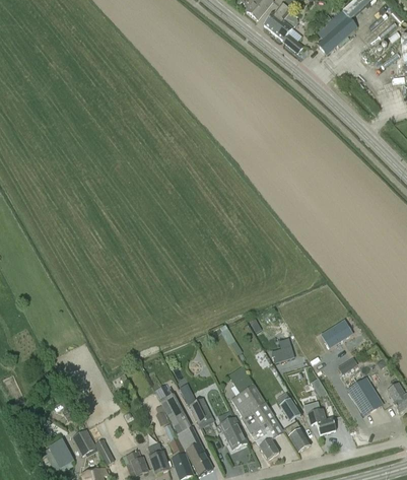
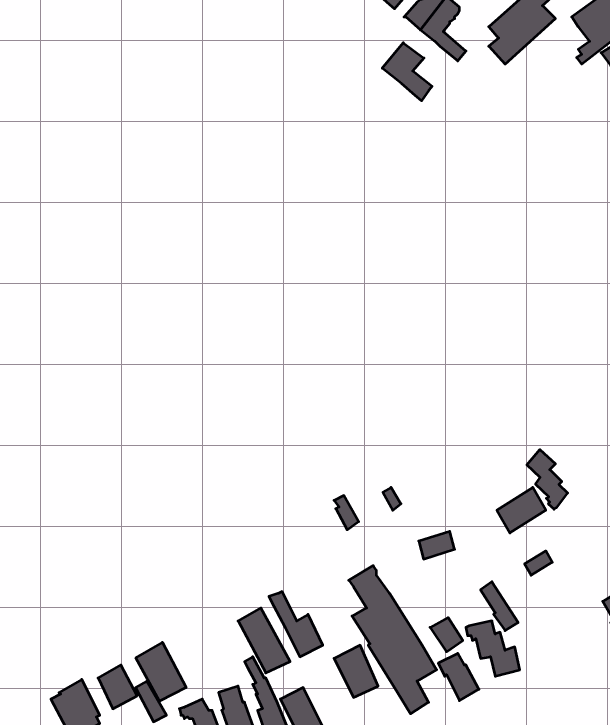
building: none -> [382,43,432,101]
building: none -> [527,450,568,509]
building: [347,376,383,415] -> none
building: none -> [136,642,186,701]

